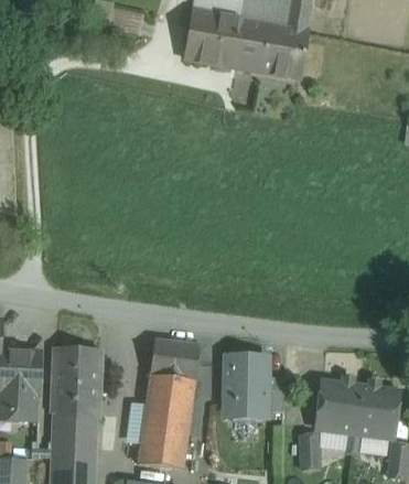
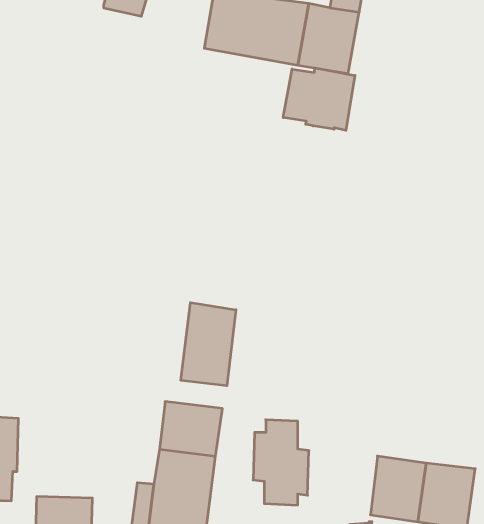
building: none -> [283,68,355,130]
building: none -> [181,303,236,386]
building: [53,349,99,415] -> none

